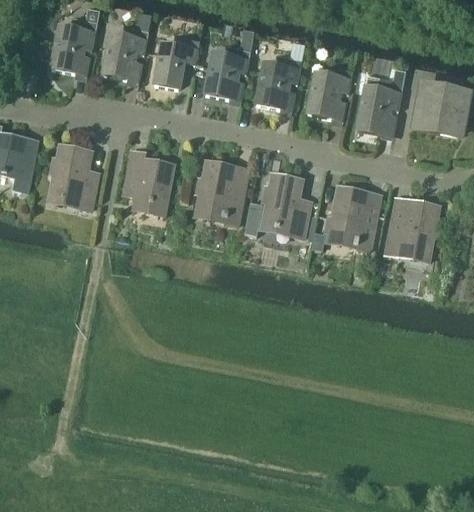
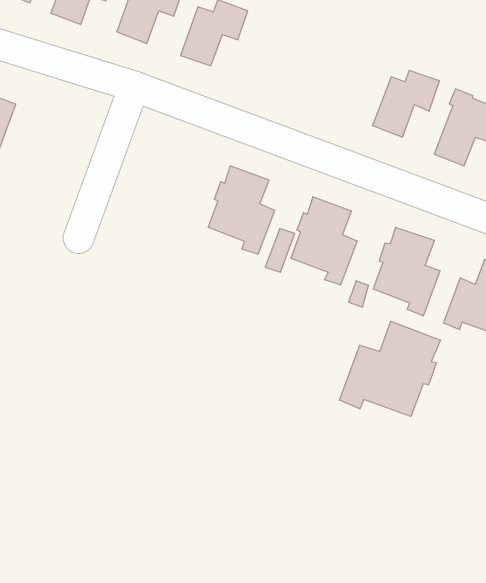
building: [205,47,250,98] -> none
building: [256,57,301,108] -> none
building: [48,145,98,209] -> none
building: [123,151,173,216] -> none
building: none -> [339,321,441,417]

